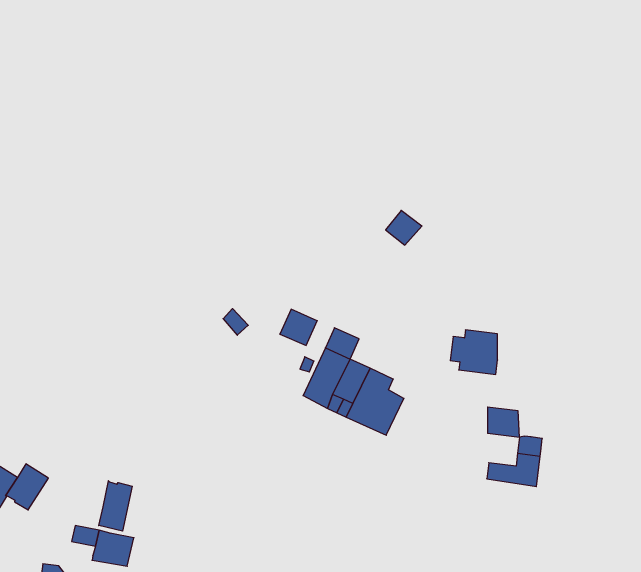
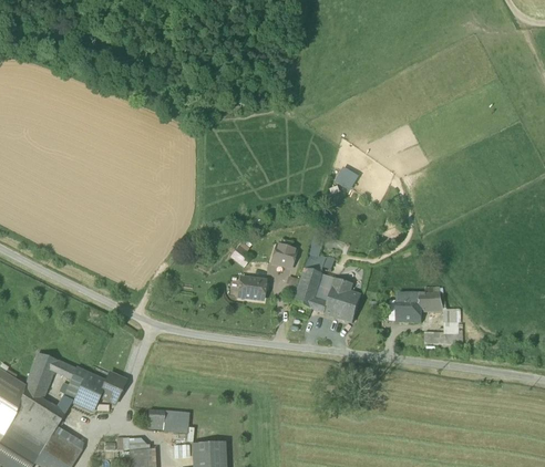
building: [450,330,498,374] -> [389,293,421,321]
building: none -> [238,277,265,299]
building: [99,481,132,531] -> none

